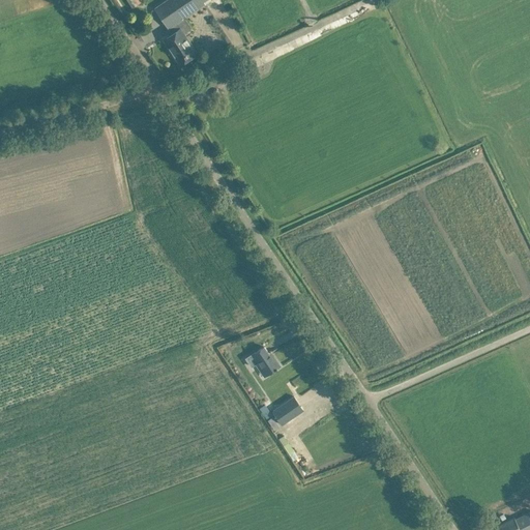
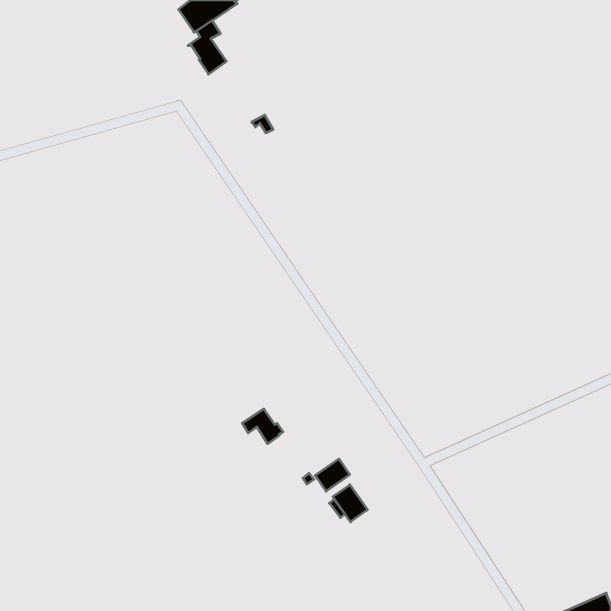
building: [244,347,279,377] -> [242,409,283,444]
building: none -> [333,485,367,522]

